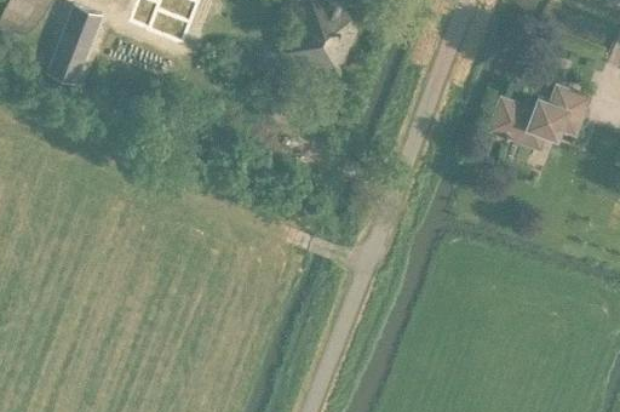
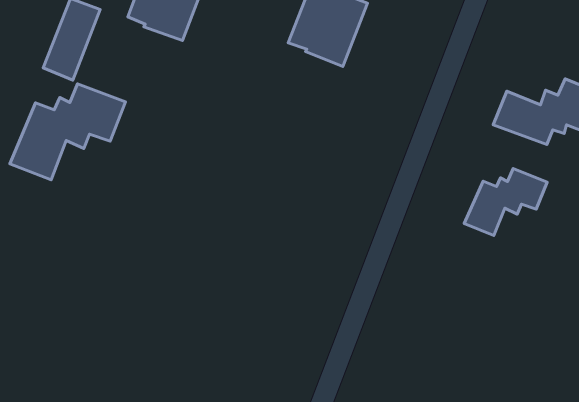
building: none -> [10,84,125,180]
building: none -> [464,169,547,235]

